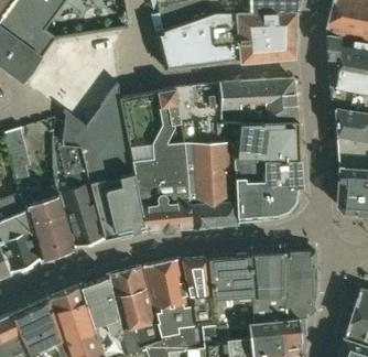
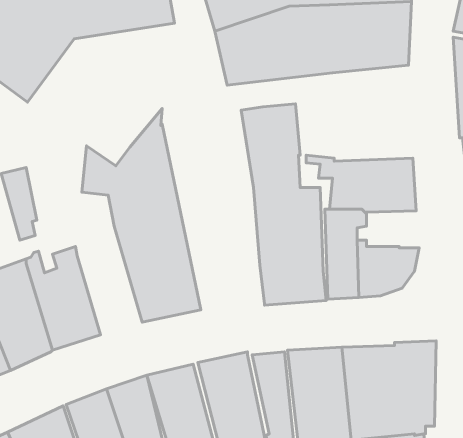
building: [219,79,299,120] -> none
building: [119,87,192,229] -> none
building: [58,145,105,247] -> none
building: [258,159,302,185] -> none

